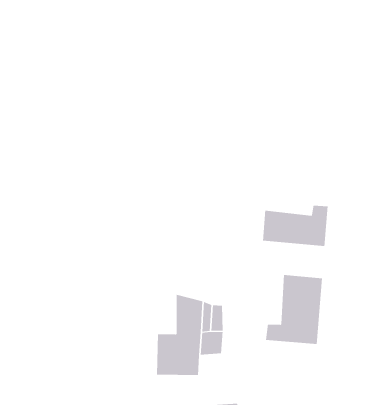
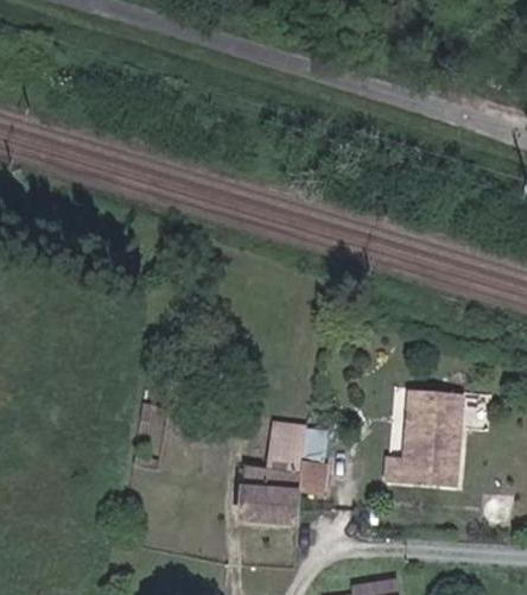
building: [262,205,328,247] -> none

